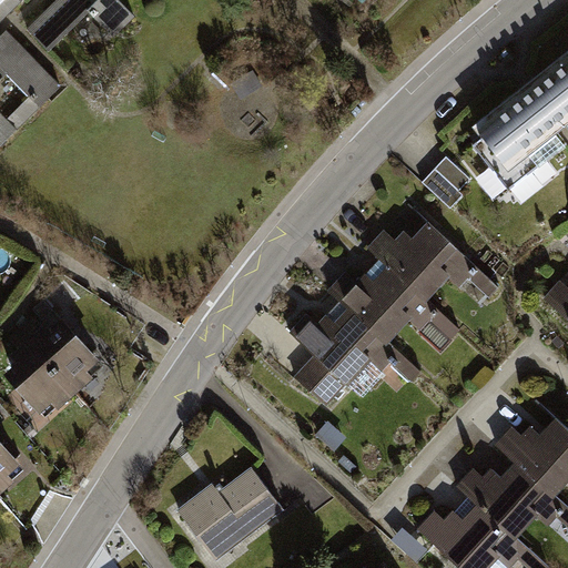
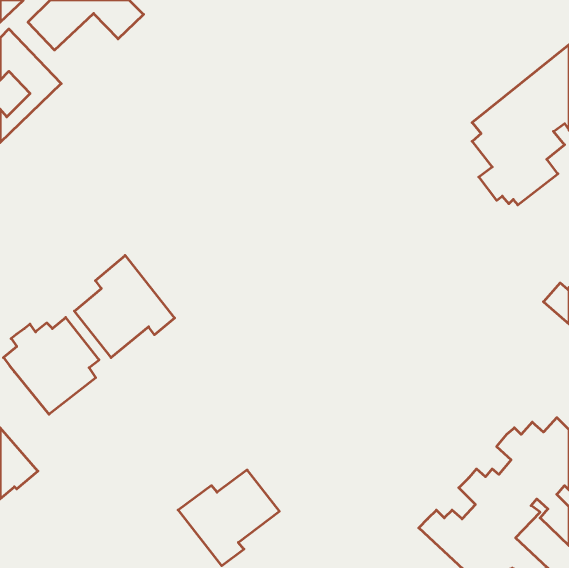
building: [422,158,467,209] -> none
building: [286,221,494,404] -> none
building: none -> [74,255,175,358]

